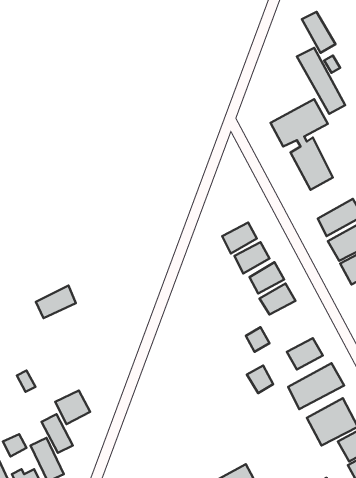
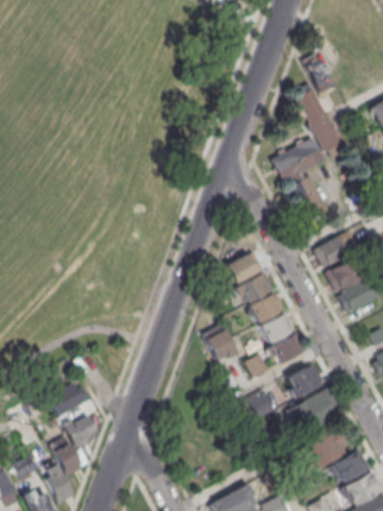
building: [36,286,76,318] -> [50,384,88,415]
building: none -> [202,324,233,360]
building: none -> [270,333,303,362]

